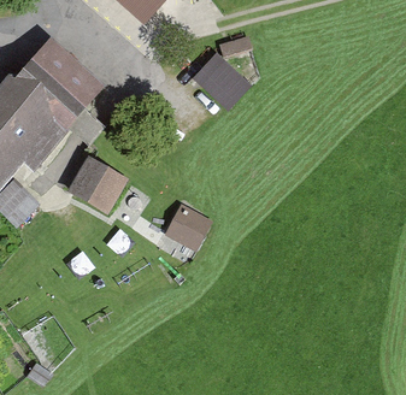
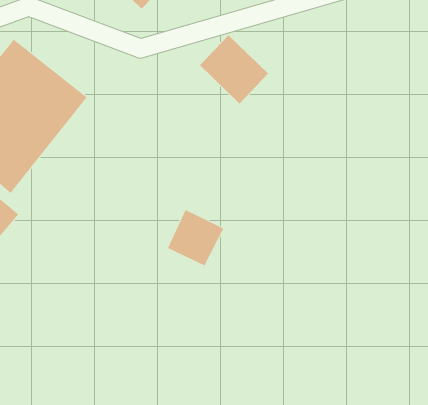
building: [70,157,128,214] -> none

